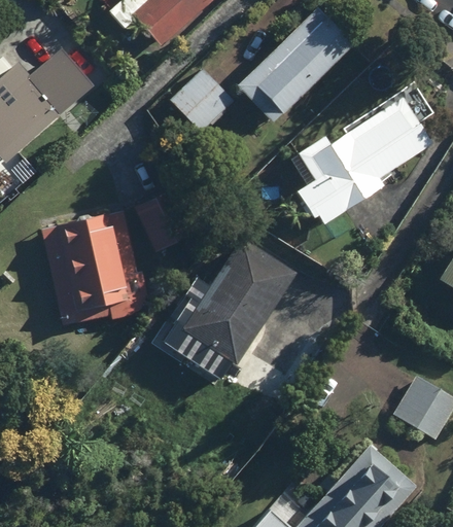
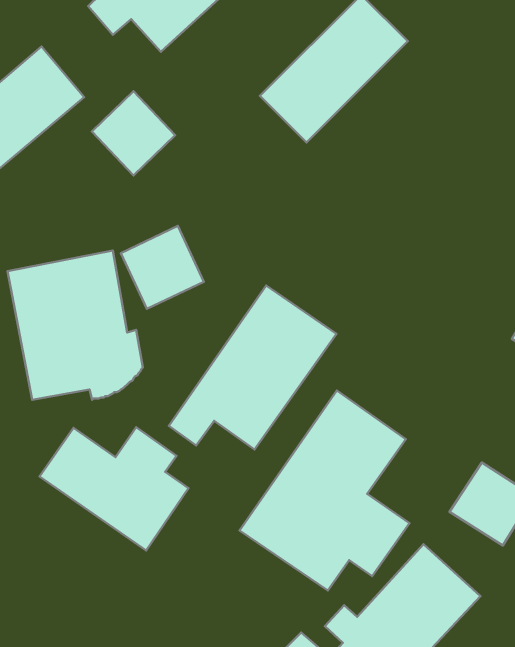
building: [168,67,234,134] -> [92,91,175,176]
building: [295,96,431,226] -> none
building: none -> [240,391,410,591]
building: none -> [39,427,188,551]

